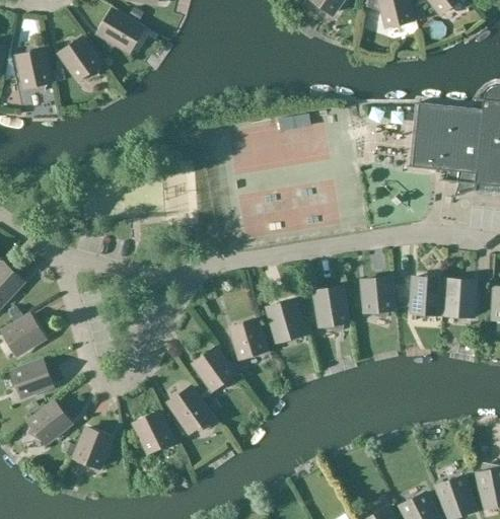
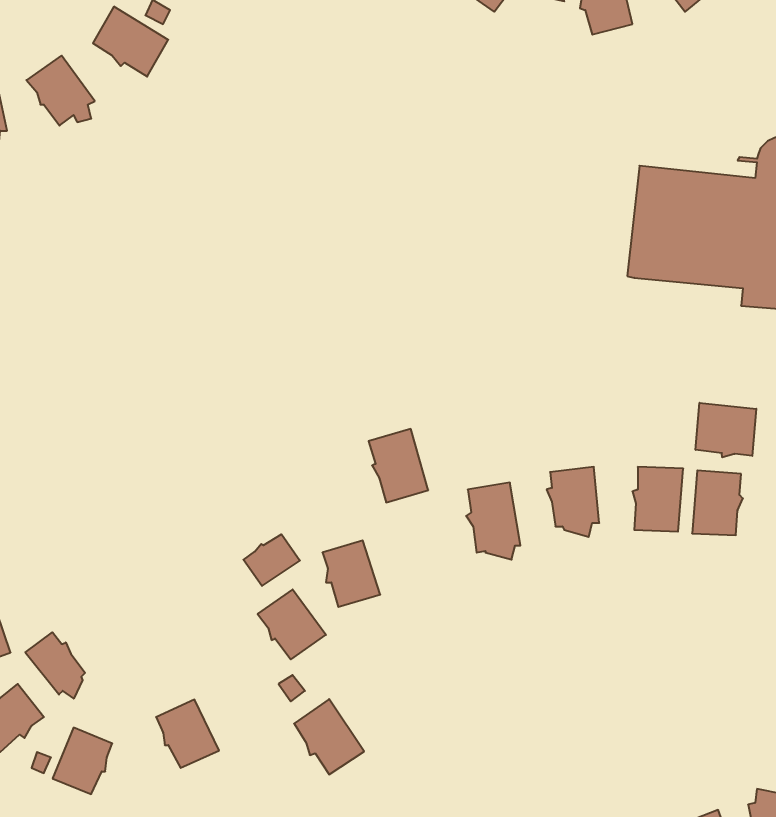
building: none -> [696,403,756,457]
building: [268,300,302,343] -> [369,429,428,502]
building: none -> [243,534,300,586]
building: none -> [25,632,85,699]
building: [169,388,210,432] -> [294,699,364,774]

